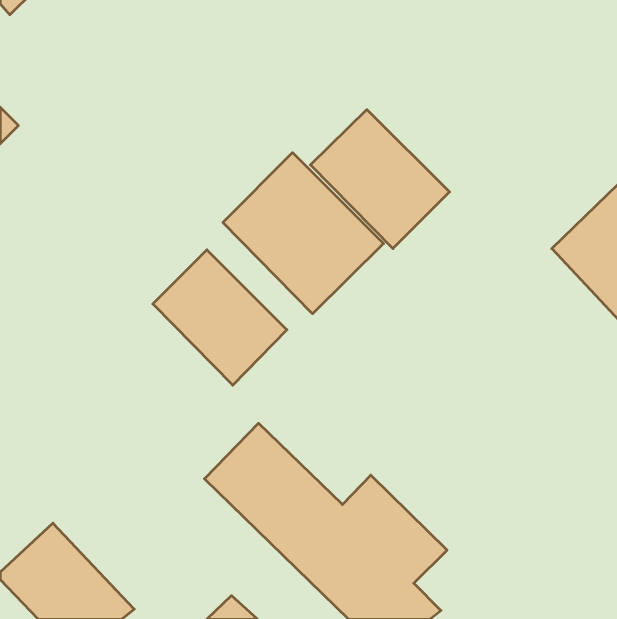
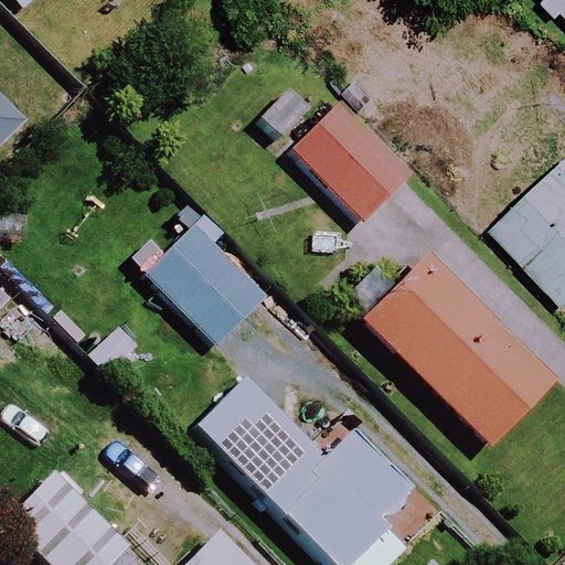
building: [223,153,384,314] -> none
building: none -> [343,256,554,446]

